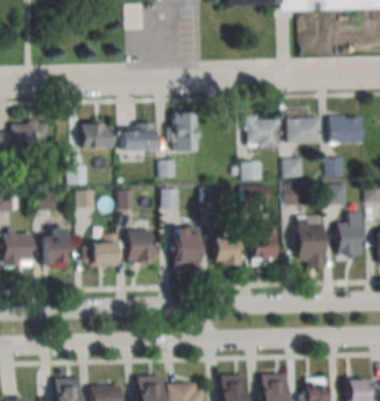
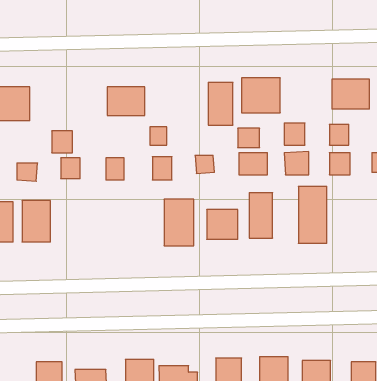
building: [174,111,197,151] -> [208,82,233,125]
building: [288,117,321,144] -> none
building: [83,123,114,148] -> none
building: [338,205,363,255] -> none
building: [127,230,159,262] -> none
building: [91,233,117,266] -> none

